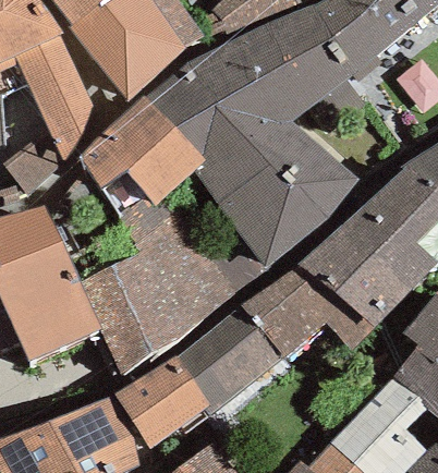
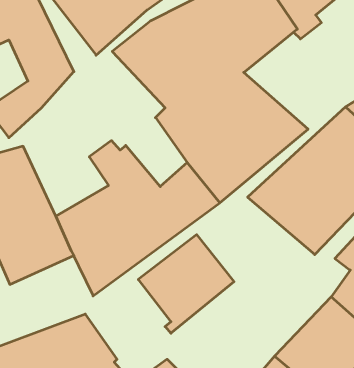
building: [77,97,204,217] -> none
building: [240,263,374,359] -> none
building: [113,356,210,447] -> none

